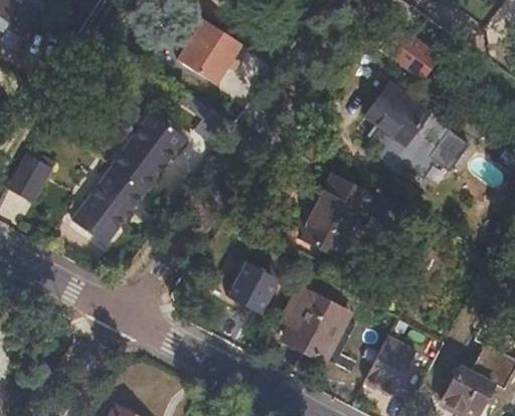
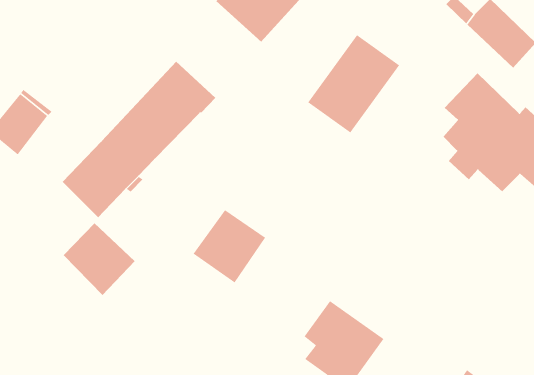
building: [301,174,371,254] -> [307,34,400,134]
building: none -> [63,222,136,296]
building: [224,258,282,317] -> [193,209,266,283]

